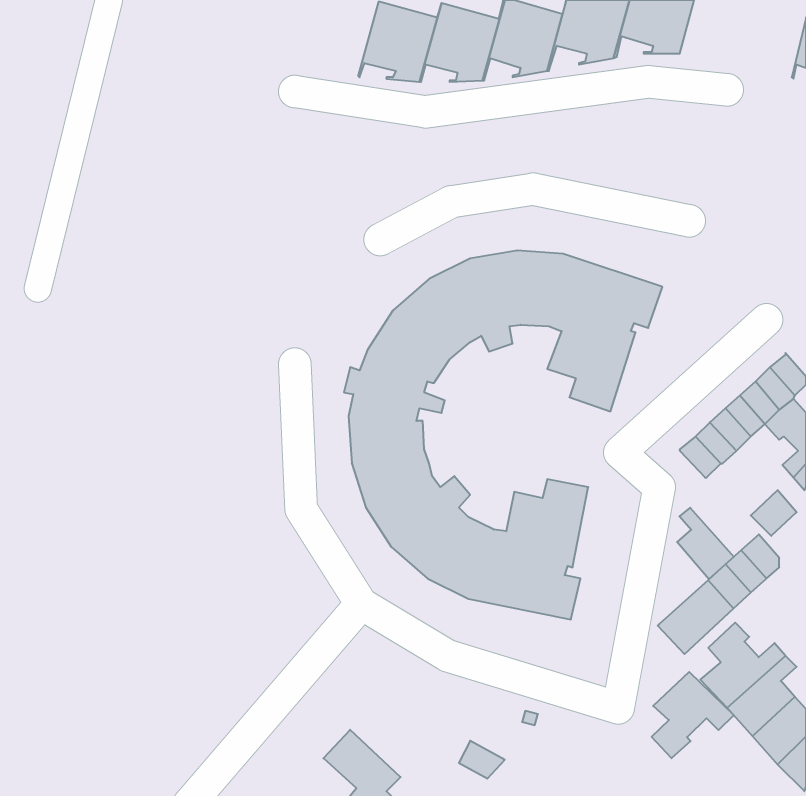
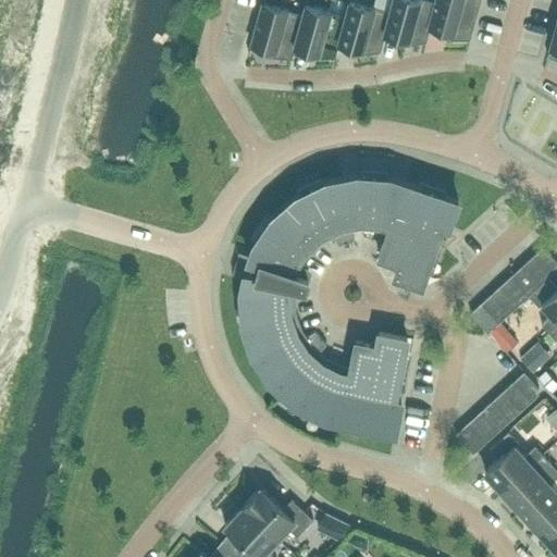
building: [677,508,734,579] -> none
building: [652,672,734,758] -> none
building: none -> [242,491,312,543]

